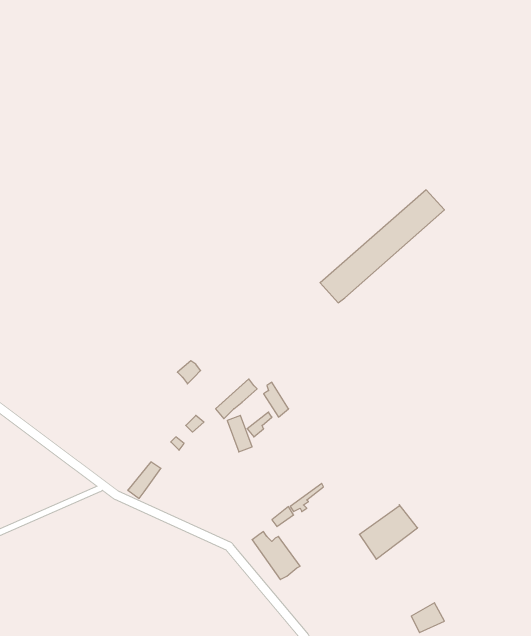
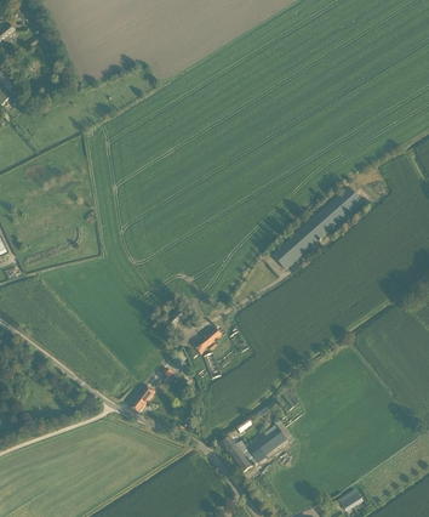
building: [359,505,418,559] -> [247,424,290,464]

